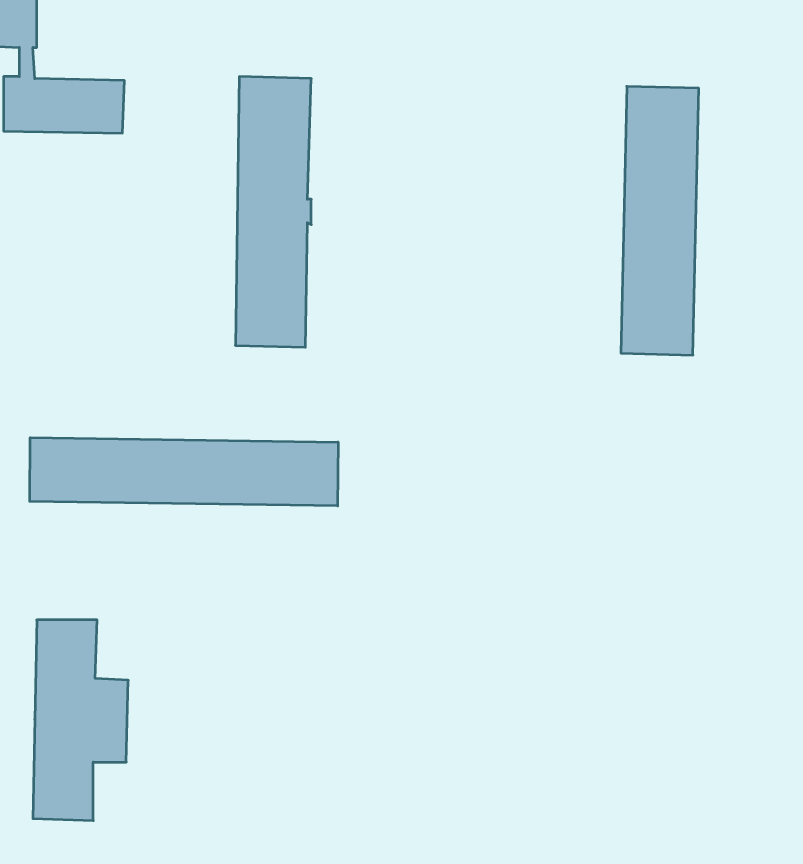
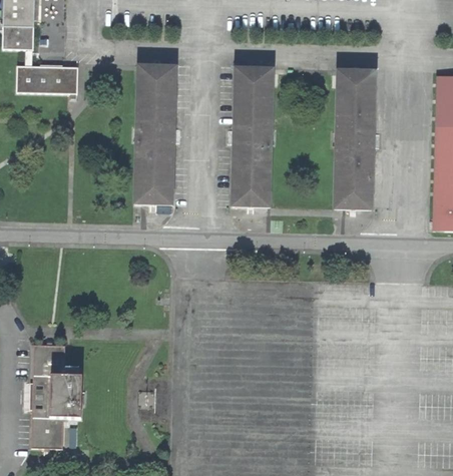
building: none -> [232,68,274,205]
building: [30,438,338,506] -> none

